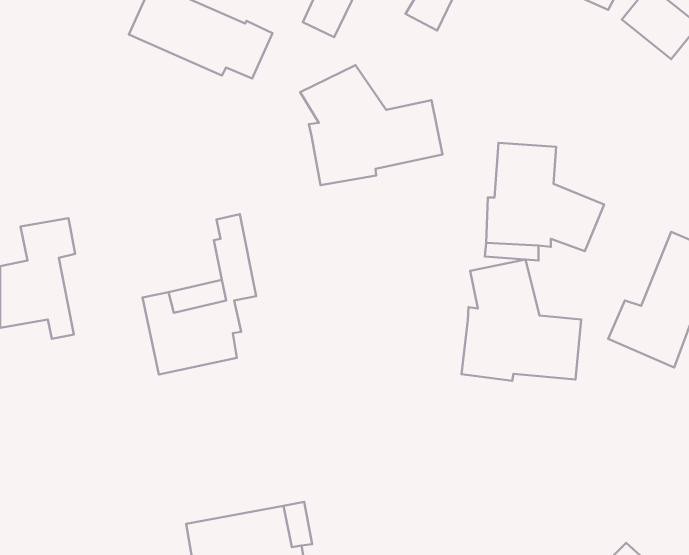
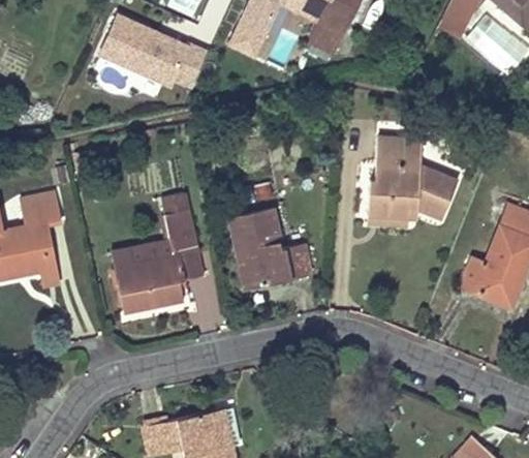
building: [300,65,443,185] -> none
building: none -> [229,207,311,288]
building: [462,260,581,381] -> none

